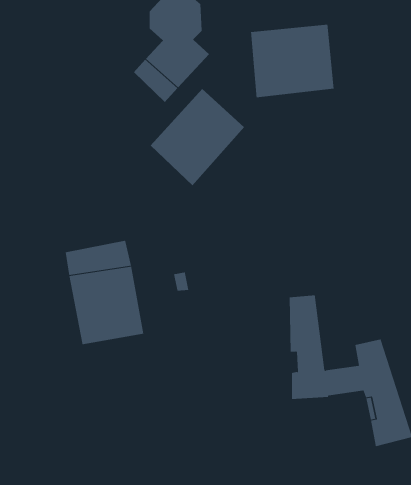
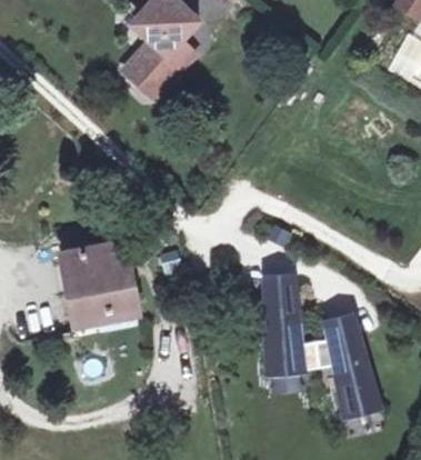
building: [251,24,334,98] -> none
building: [150,88,245,186] -> none

